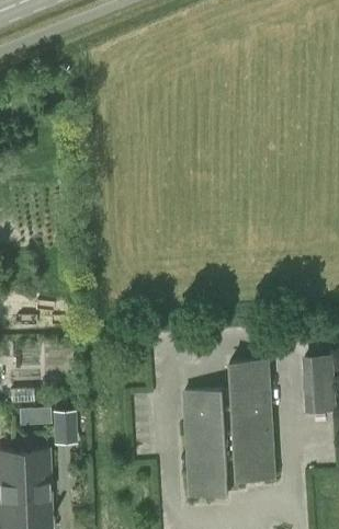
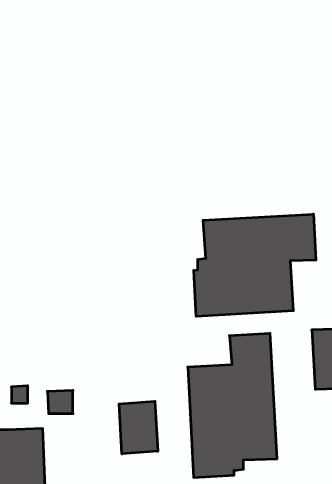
building: none -> [194,214,316,316]
building: none -> [119,401,158,454]

